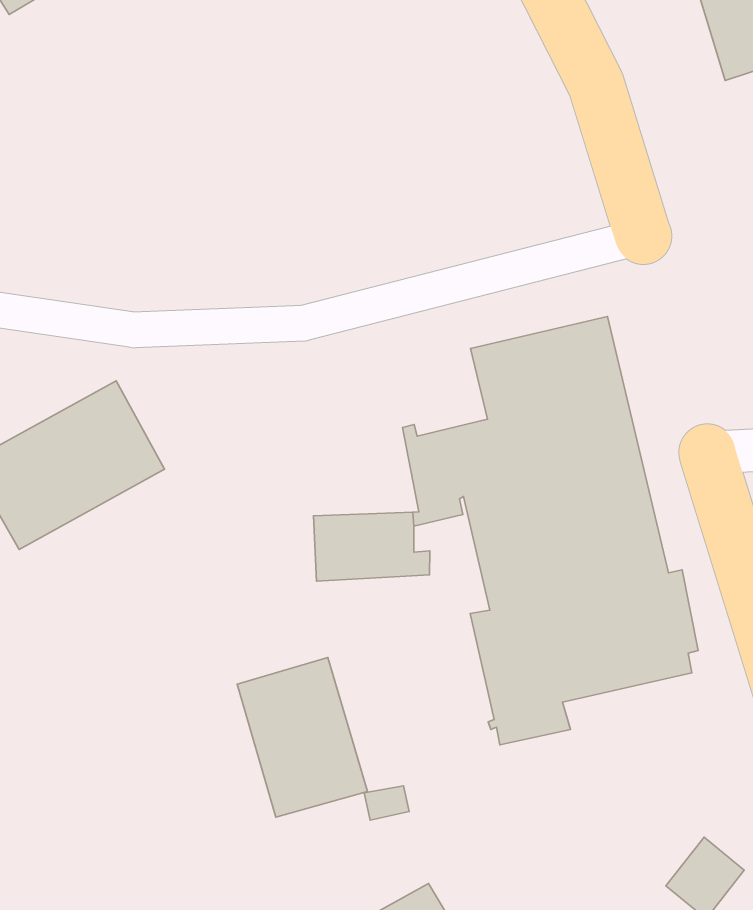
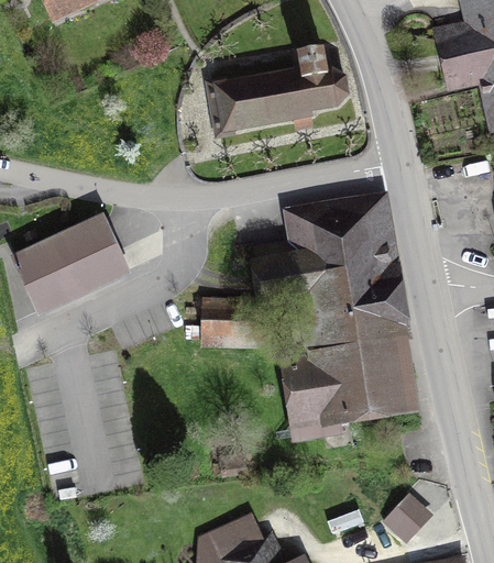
building: none -> [212,51,348,132]
building: [237,658,368,817] -> none

